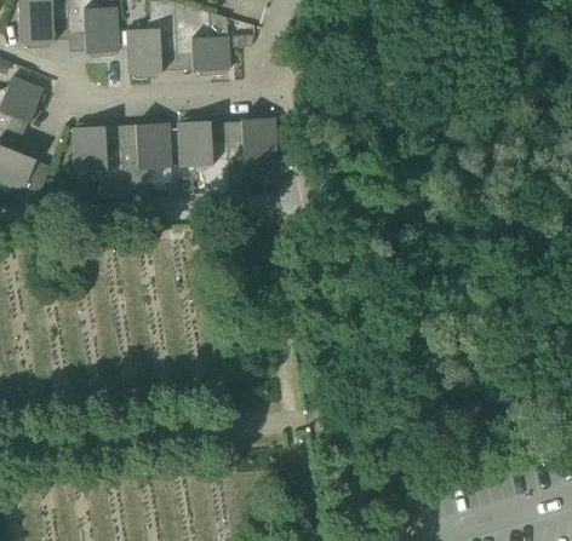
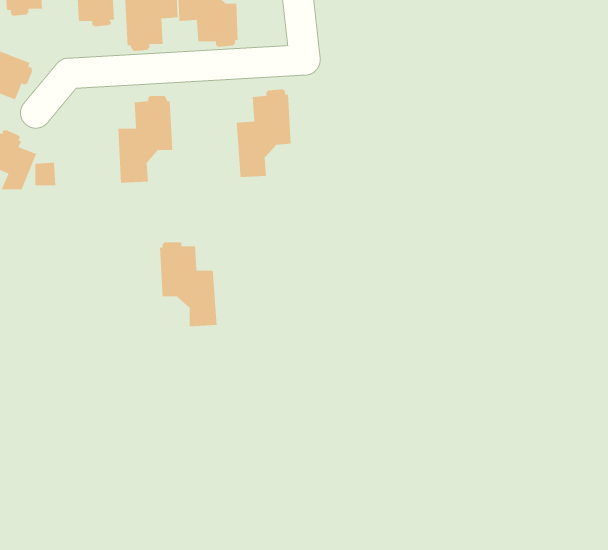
building: [177,116,229,192] -> [159,241,217,327]
building: [72,121,122,197] -> none

